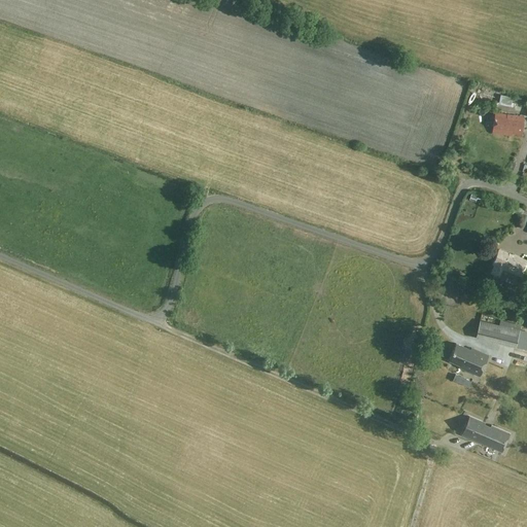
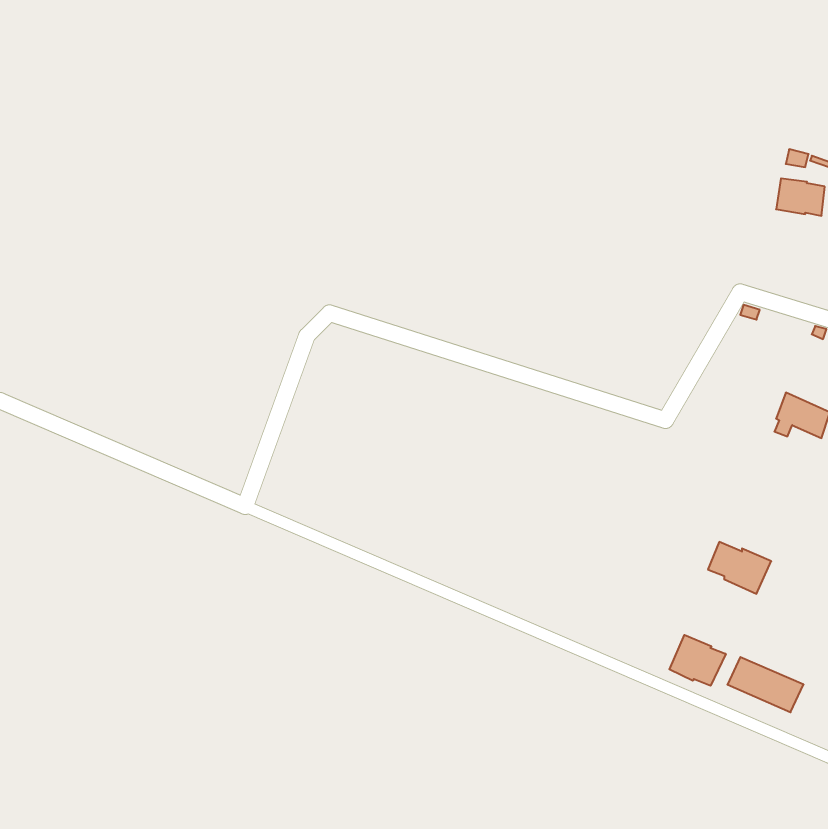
building: [475,320,518,347] -> none
building: none -> [669,635,726,686]

